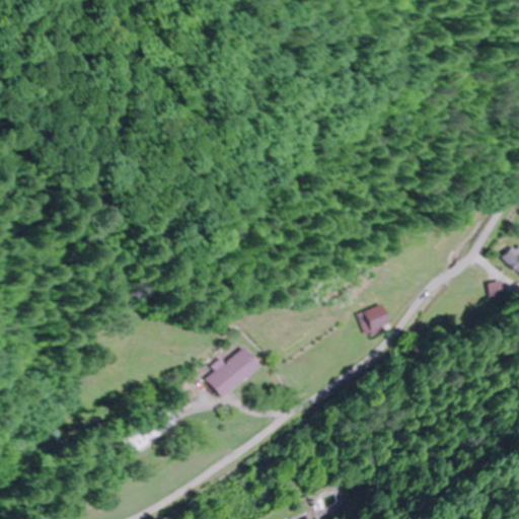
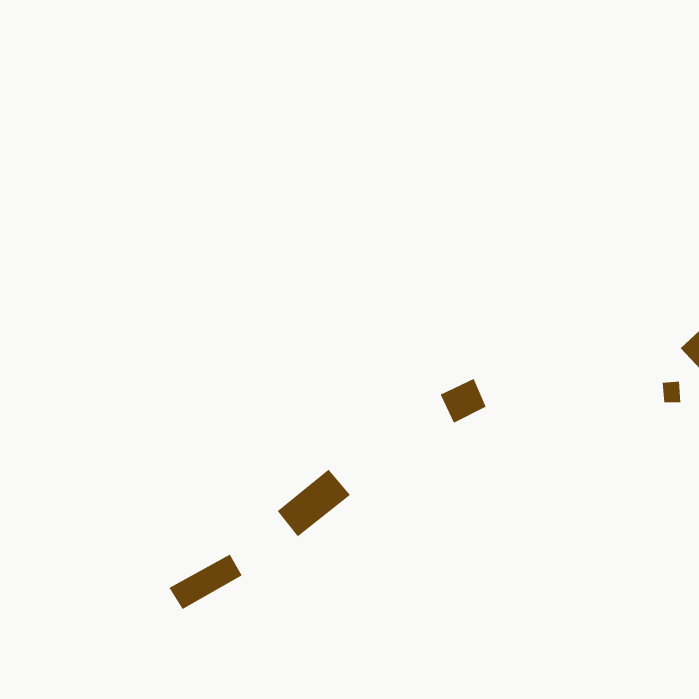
building: [357,303,391,337] -> [440,378,486,423]

